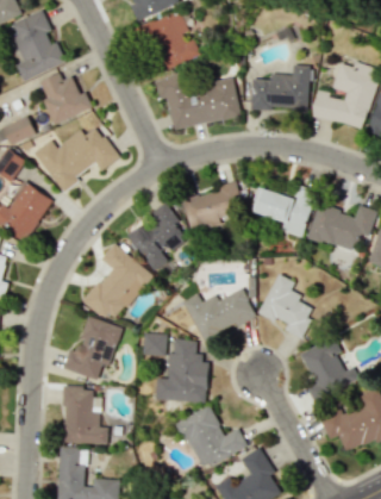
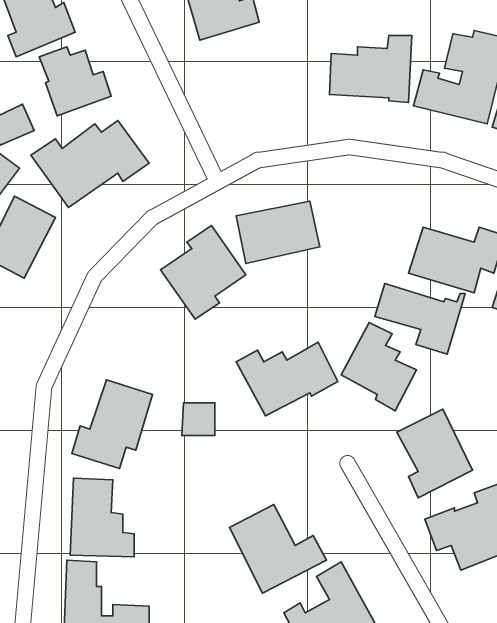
building: [154,74,239,129] -> none
building: [250,187,316,238] -> [375,284,465,354]
building: [85,243,152,324] -> none
building: [156,341,208,403] -> none

